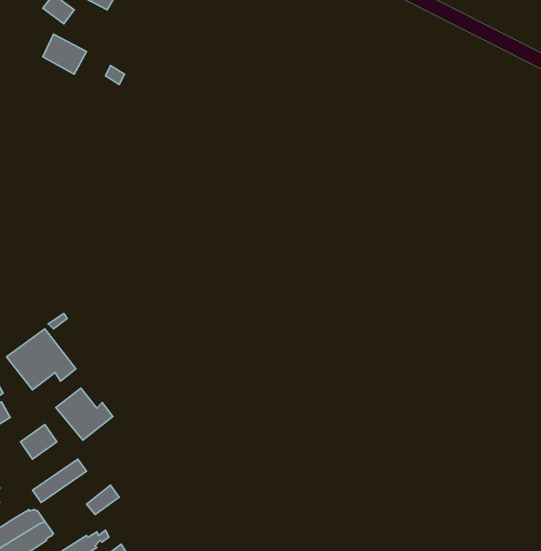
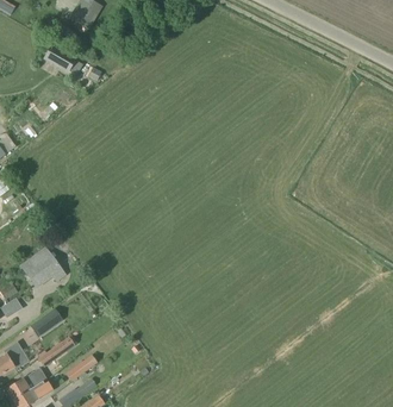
building: [56,388,113,440] -> none

